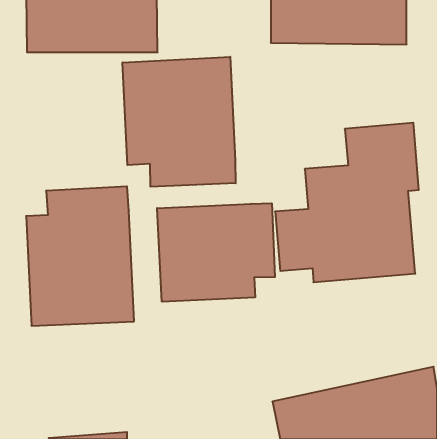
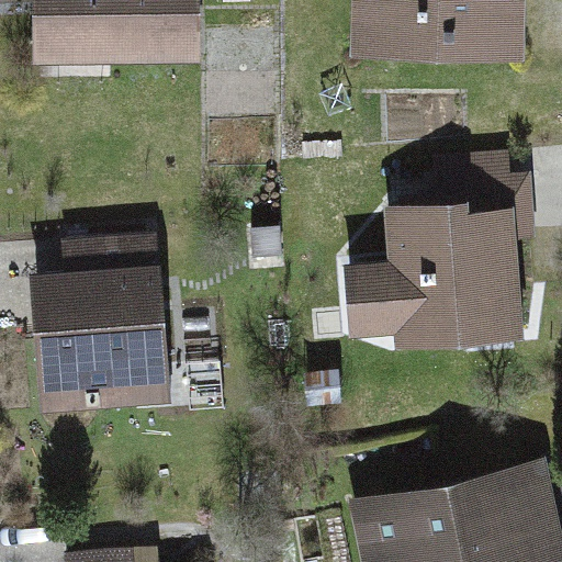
building: [123,57,236,187] -> none
building: [157,203,275,302] -> none

